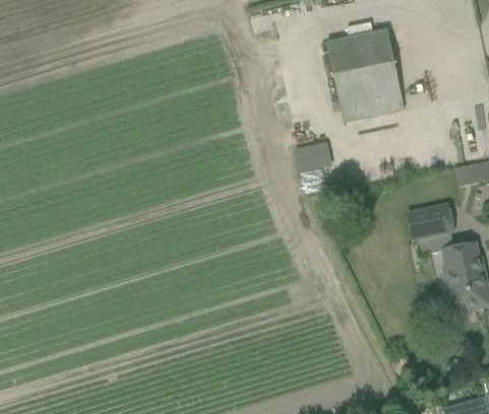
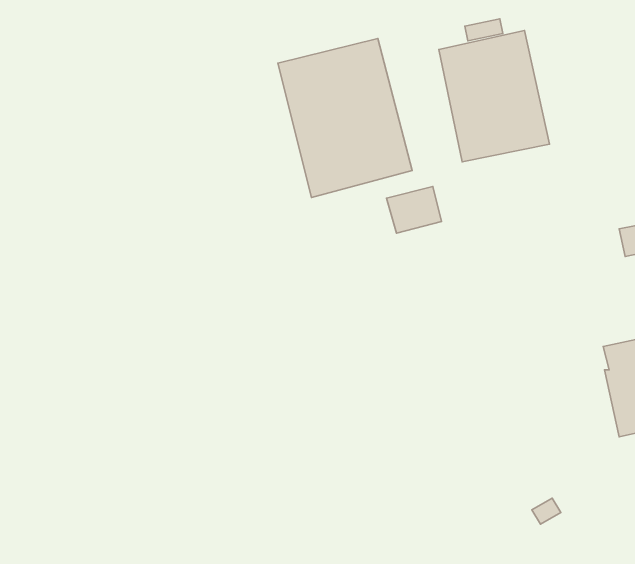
building: none -> [278,38,412,198]
building: [406,203,453,240] -> none

